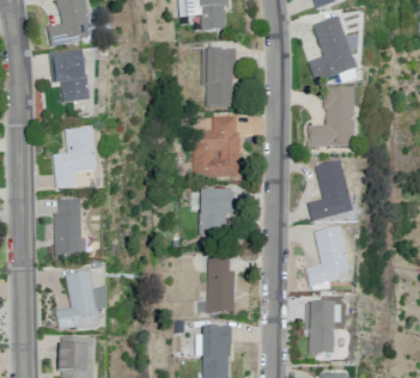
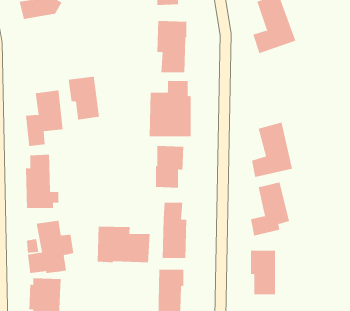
building: [54,54,90,103] -> [68,76,100,120]
building: [308,87,355,147] -> none
building: none -> [97,226,150,263]

